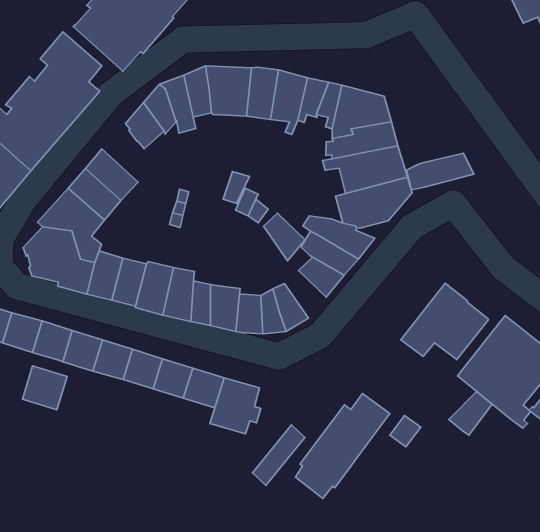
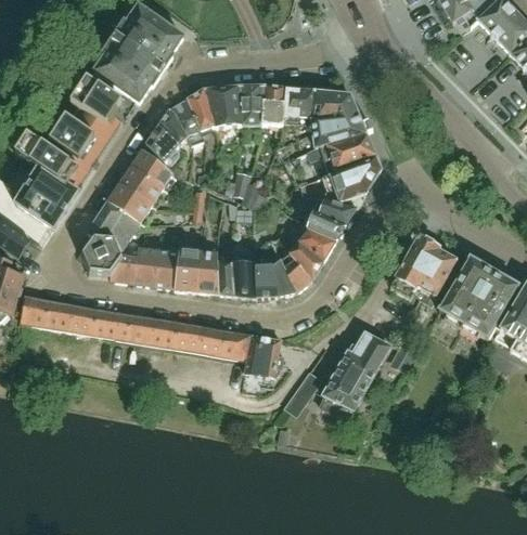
building: none -> [130,147,172,187]
building: [407,153,474,190] -> none
building: [263,213,305,261] -> [290,240,324,277]
building: [22,366,67,410] -> none
building: [449,392,492,435] -> none

